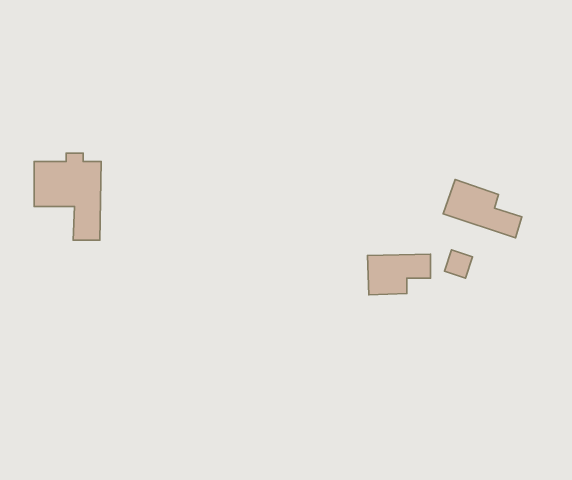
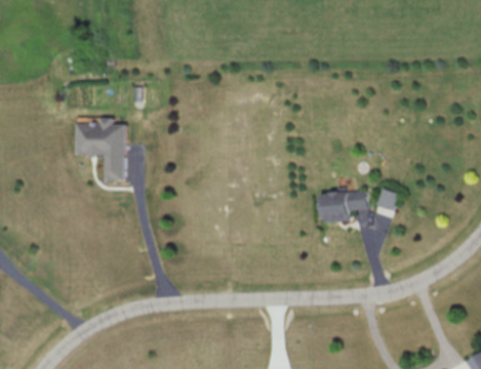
building: [443,180,522,238] -> none

